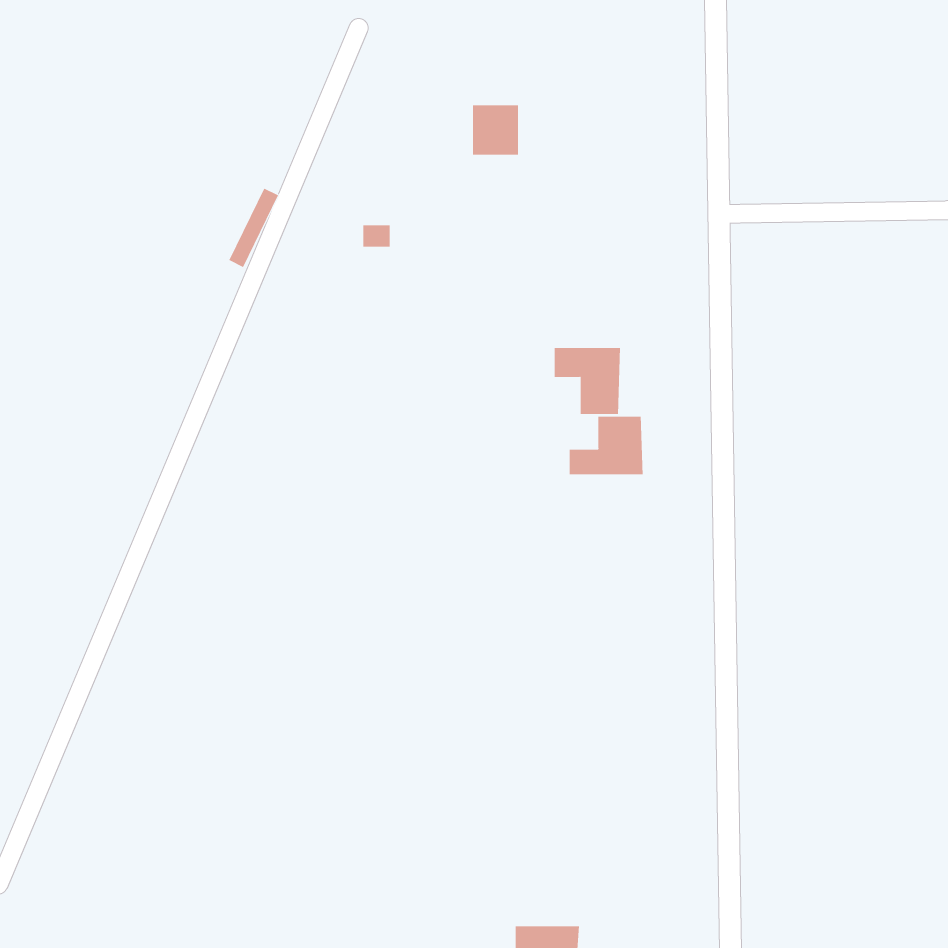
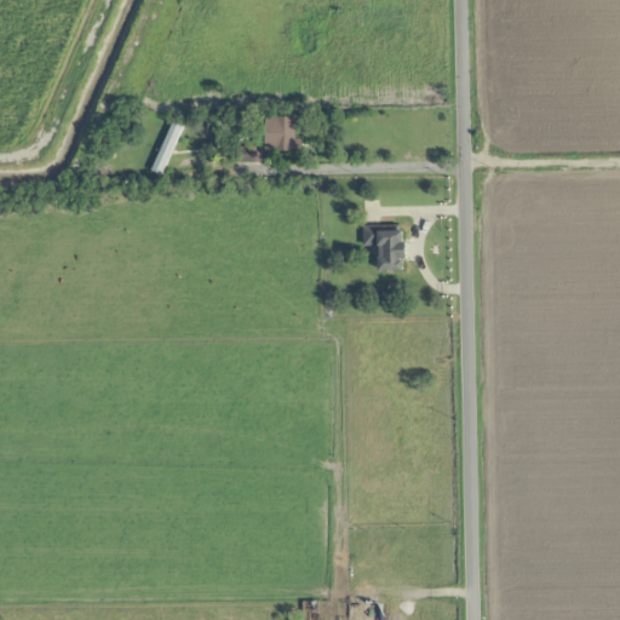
building: [472,105,519,155] -> [264,117,294,150]
building: [569,416,643,475] -> none

